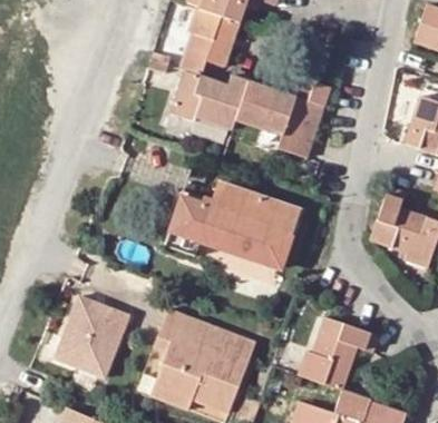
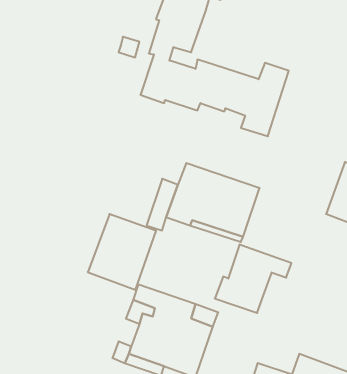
building: [56,305,129,386] -> [88,214,156,290]
building: [295,316,378,390] -> [215,244,291,313]

